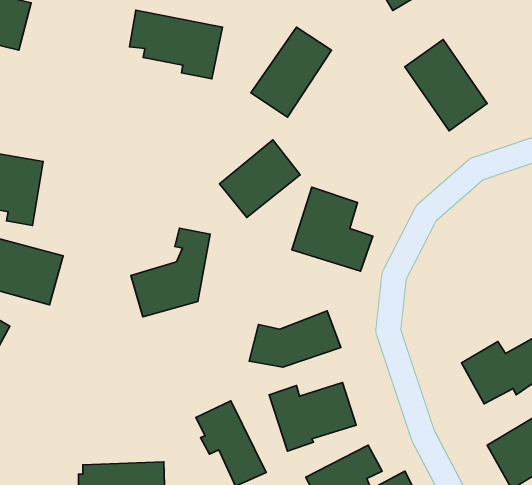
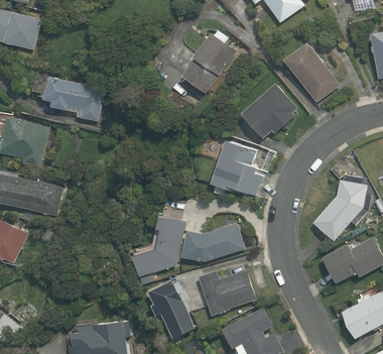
building: [130,10,223,79] -> [42,76,104,121]
building: [219,140,300,217] -> [244,84,297,135]
building: [131,228,210,317] -> [130,217,182,275]
building: none -> [311,179,366,240]

